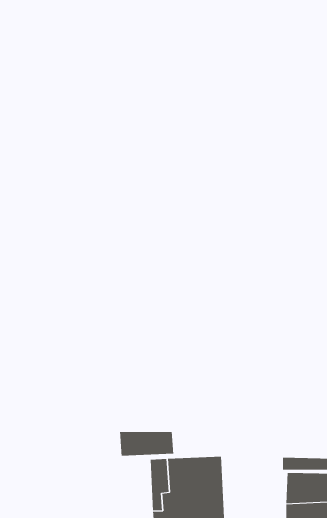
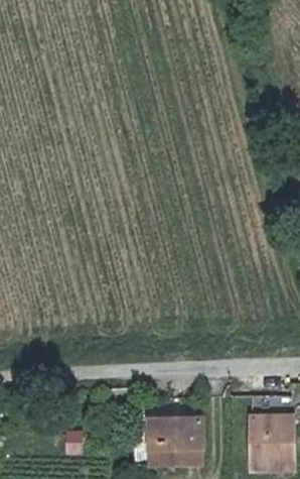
building: [120,431,174,456] -> none

